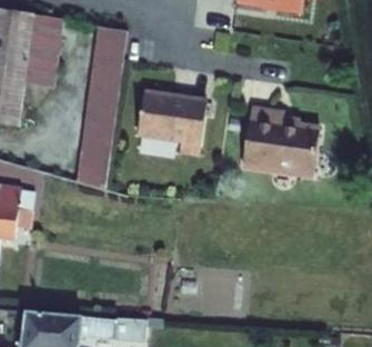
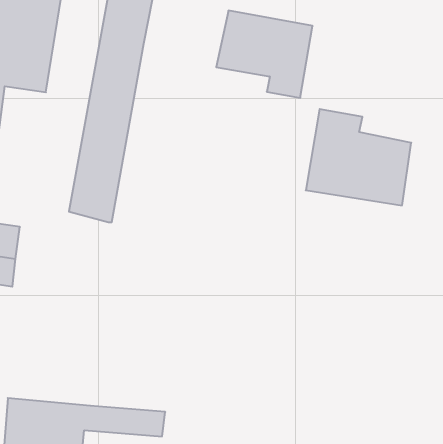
building: [134,83,204,147] -> [216,11,313,98]

